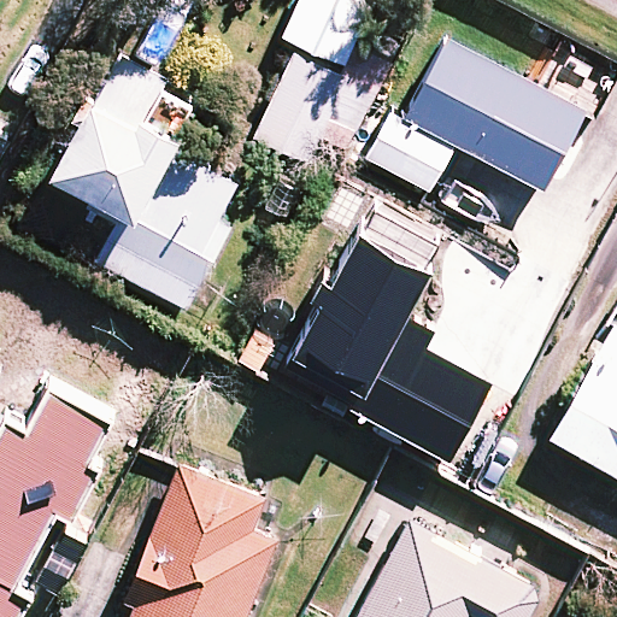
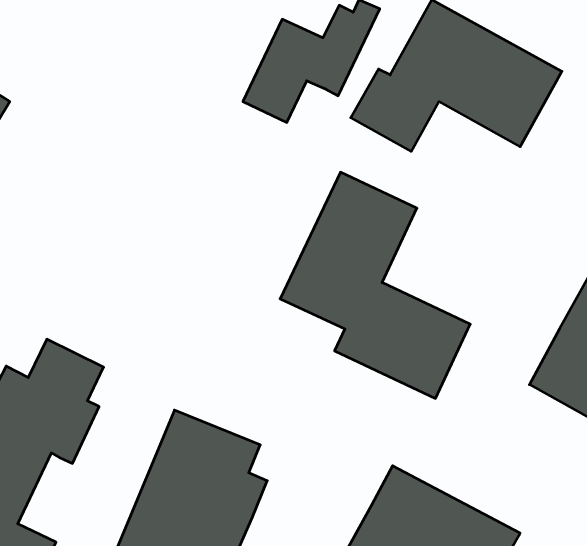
building: [54,53,239,312] -> none

